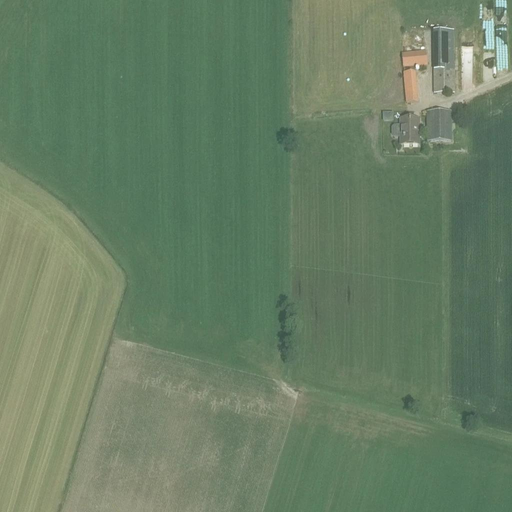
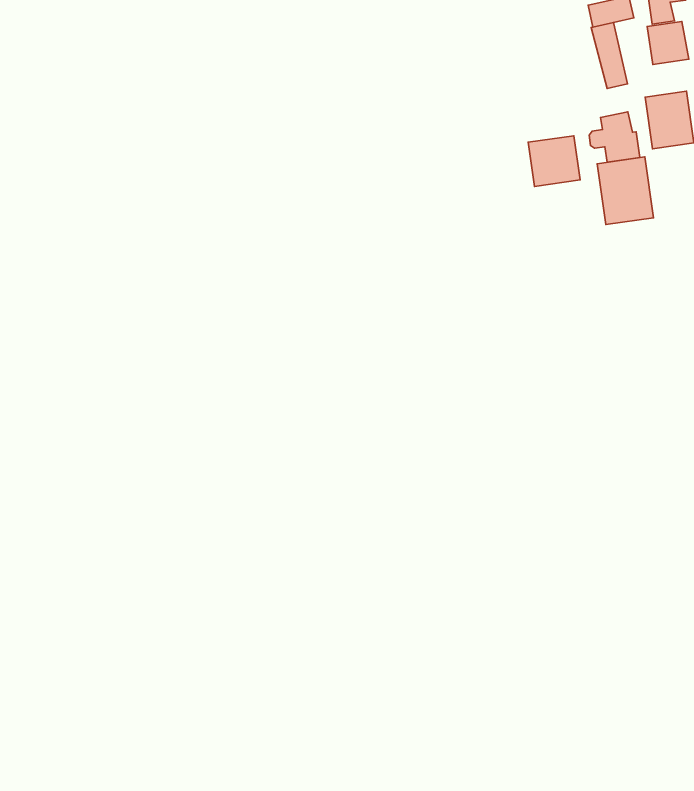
building: none -> [528,136,580,187]
building: none -> [597,157,654,225]

